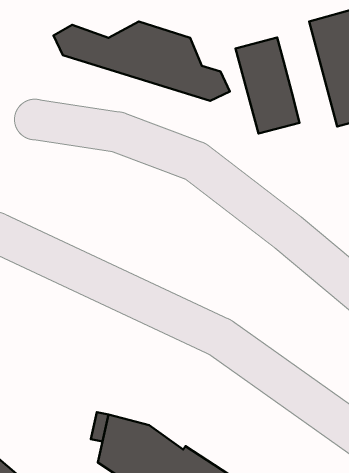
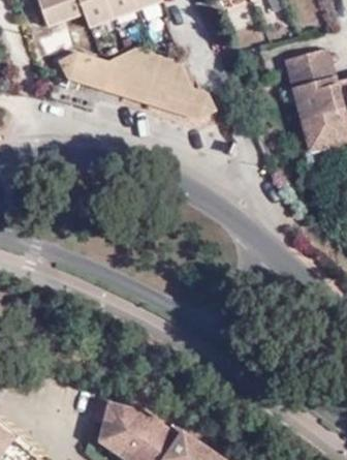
building: [235,37,300,133] -> none

